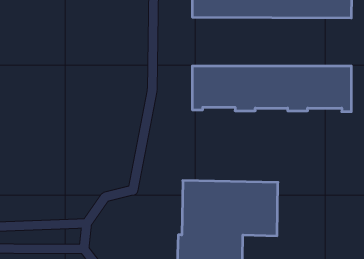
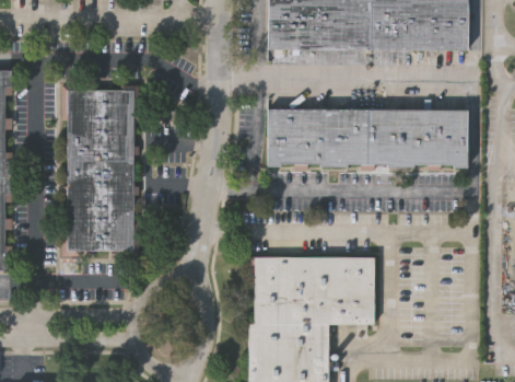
building: none -> [60,86,139,257]

